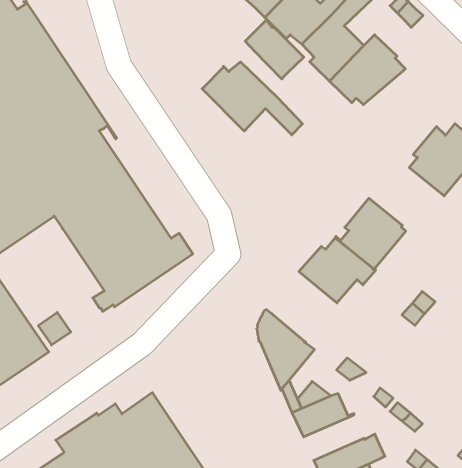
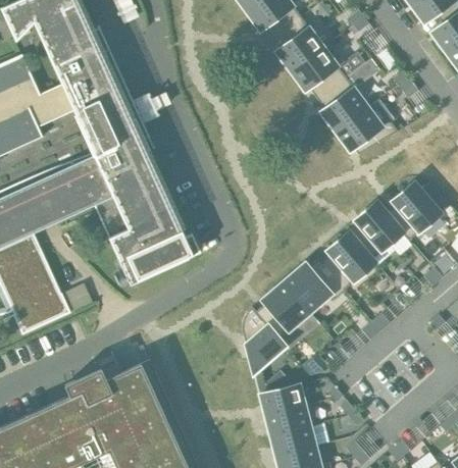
building: [245,20,304,79] -> none
building: [202,62,302,135] -> none
building: none -> [350,202,411,265]
building: none -> [256,281,310,340]
building: none -> [265,405,314,436]

